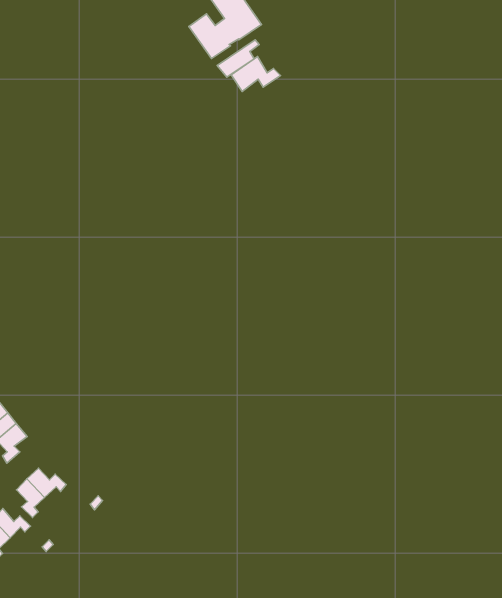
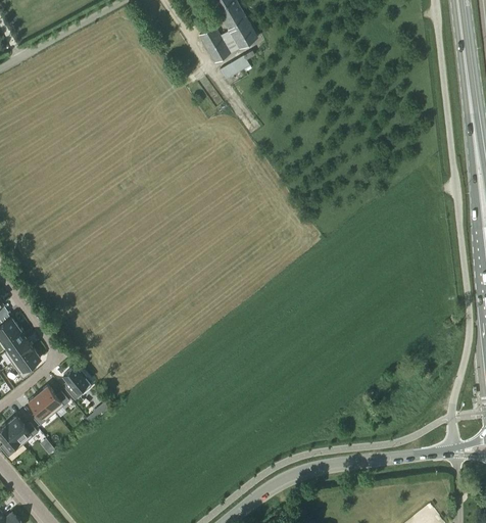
building: [231,57,280,91] -> none
building: none -> [63,367,88,400]

